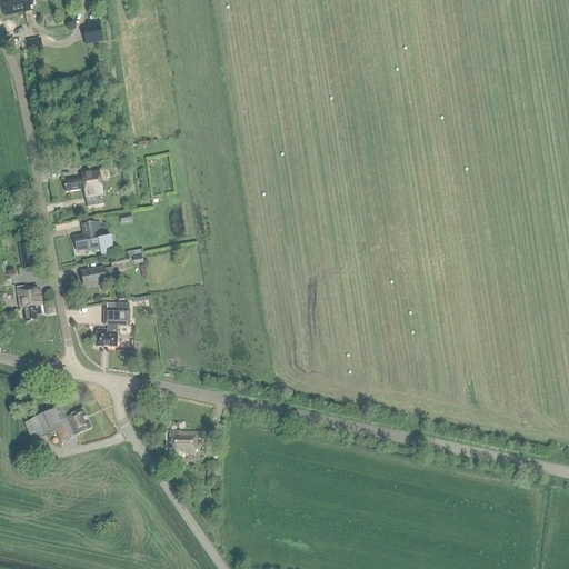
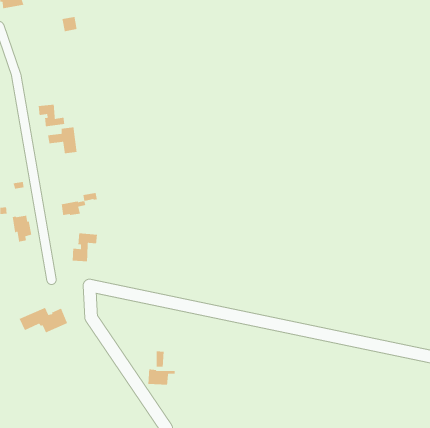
building: none -> [38,104,65,127]
building: [73,219,112,252] -> none
building: [167,428,203,450] -> [148,369,175,385]

